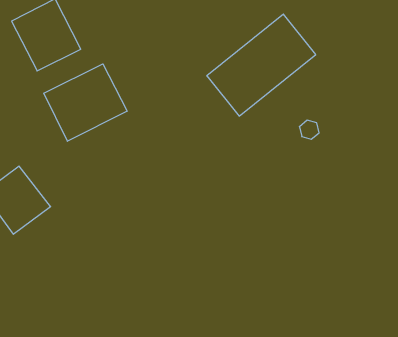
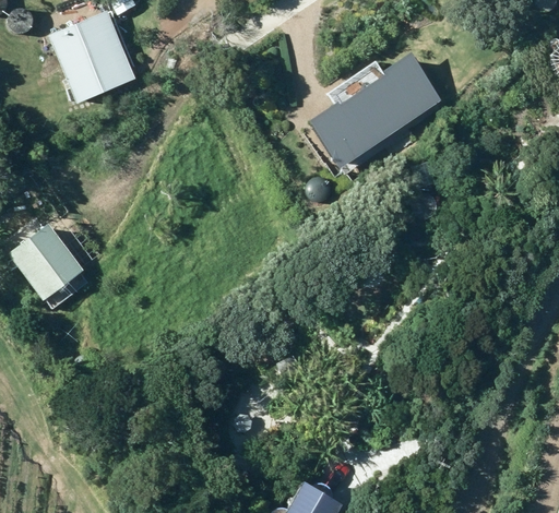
building: [44,64,127,141] -> none

